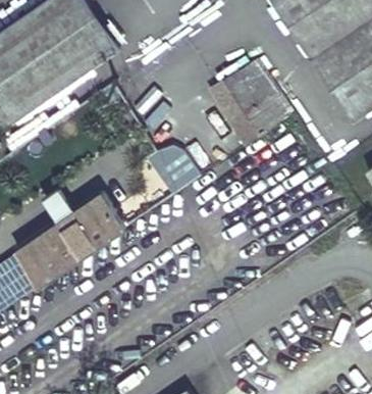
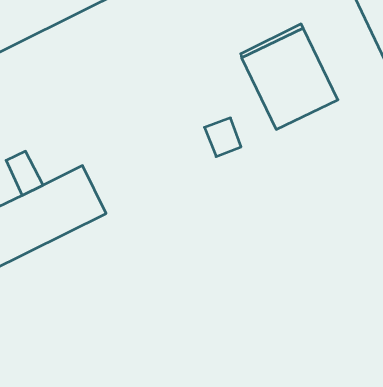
building: [145,141,199,197] -> none

